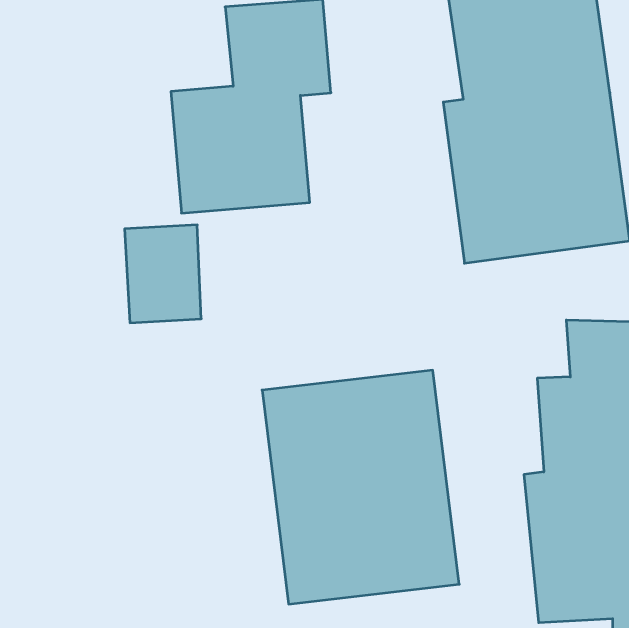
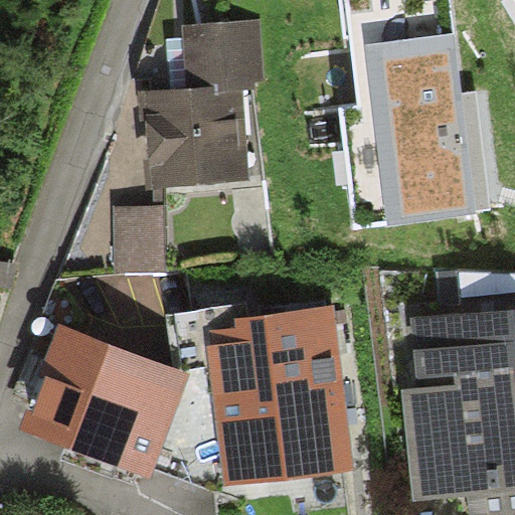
building: none -> [24,325,195,482]

